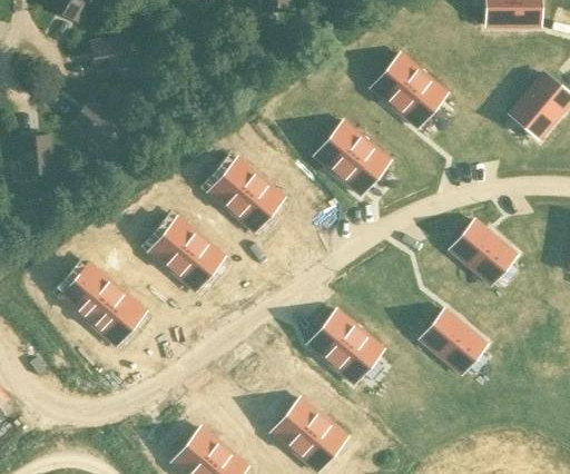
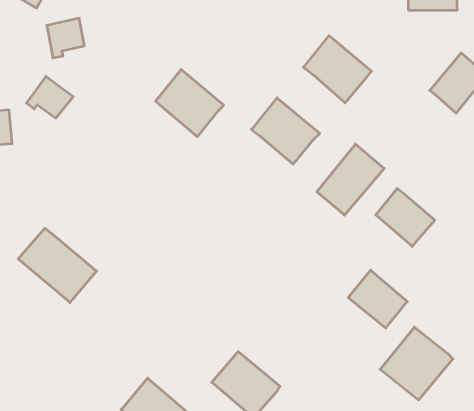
building: [210,157,285,230] -> [156,69,224,137]
building: none -> [317,144,384,215]
building: [150,216,225,289] -> none
building: [309,309,384,382] -> none
building: none -> [380,327,453,400]

